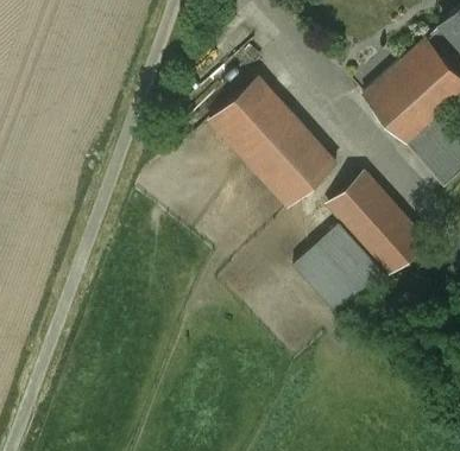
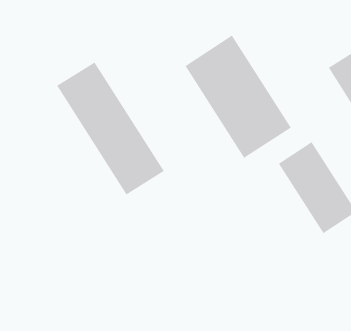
building: none -> [56,61,165,195]
building: [294,223,390,318] -> none

